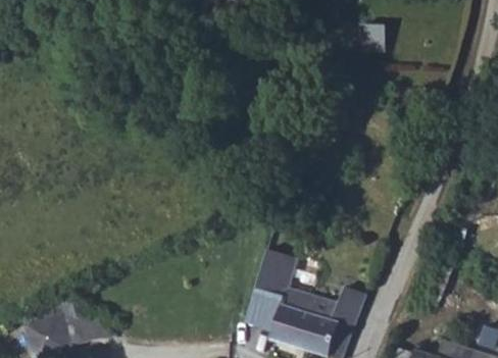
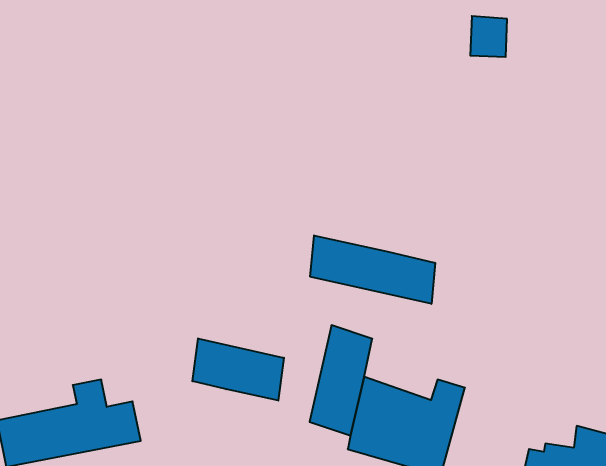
building: none -> [310,235,435,304]
building: none -> [192,338,284,401]

